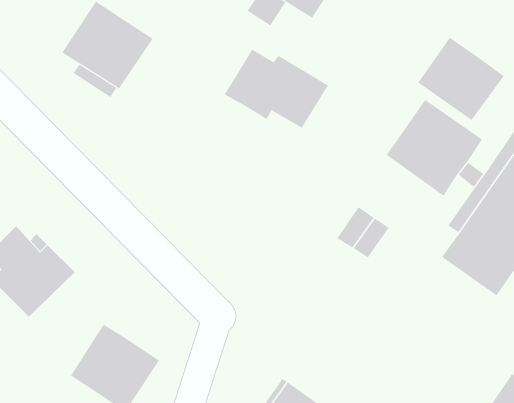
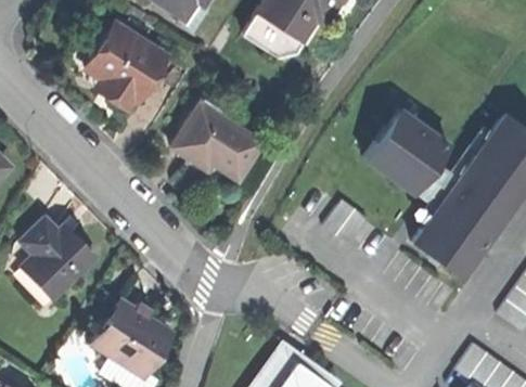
building: [417,37,505,121] -> none
building: [224,49,329,128] -> [172,111,262,179]

